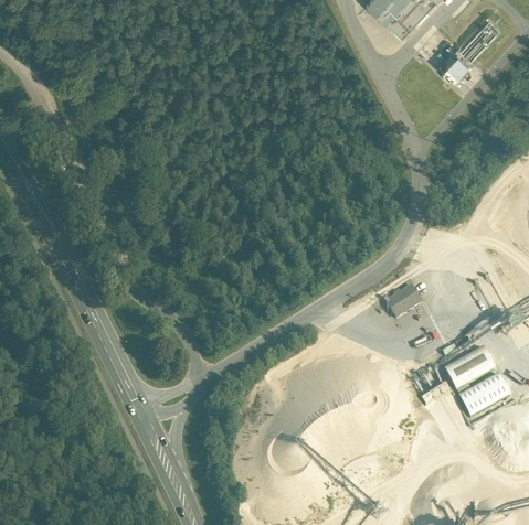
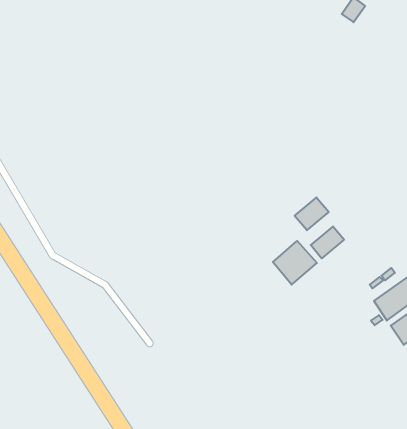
building: none -> [295,197,329,230]
building: none -> [273,241,317,285]

